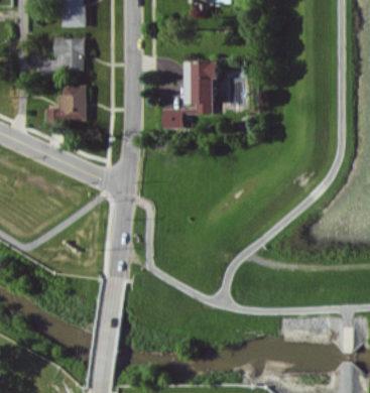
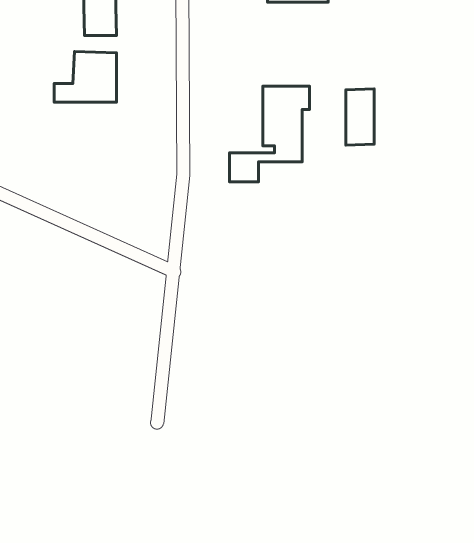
building: none -> [346,89,374,145]
building: [46,85,87,121] -> none

